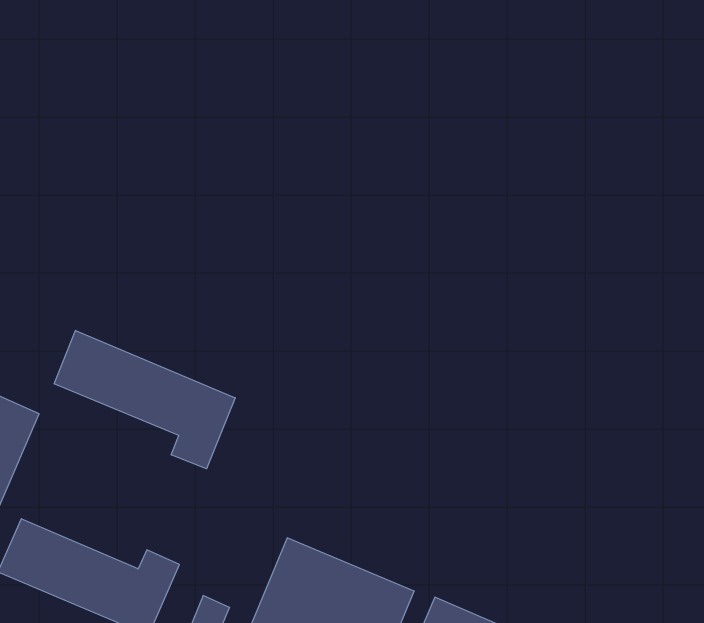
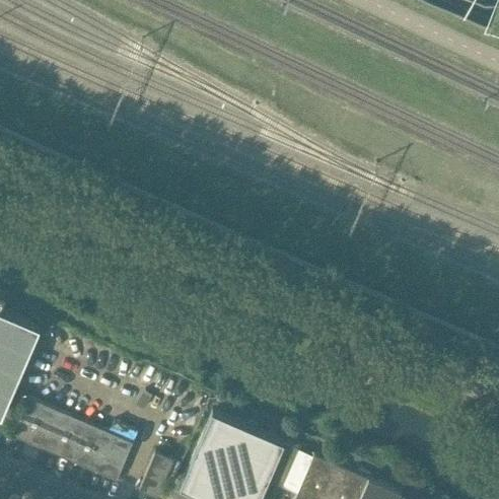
building: [54,330,235,469] -> none

